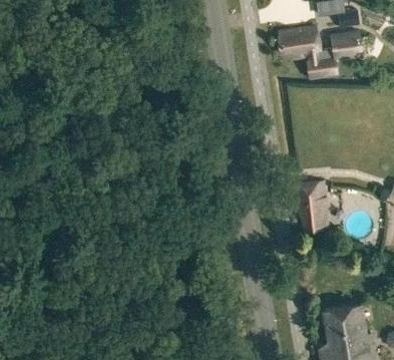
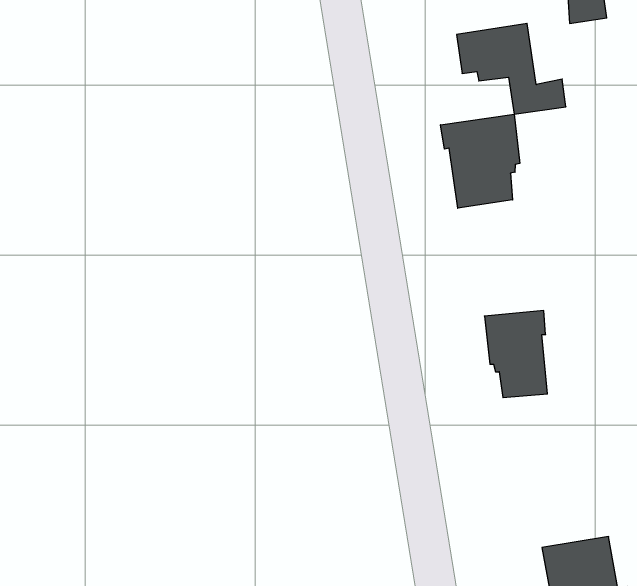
building: [332,32,363,56] -> none
building: none -> [441,114,520,208]

